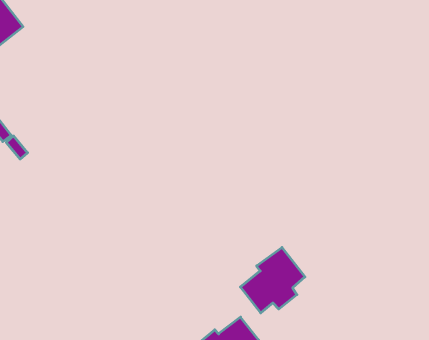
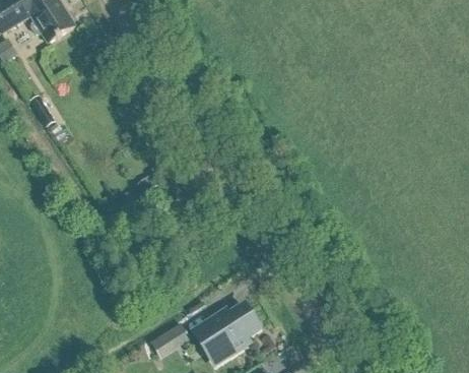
building: [240,247,305,313] -> none

